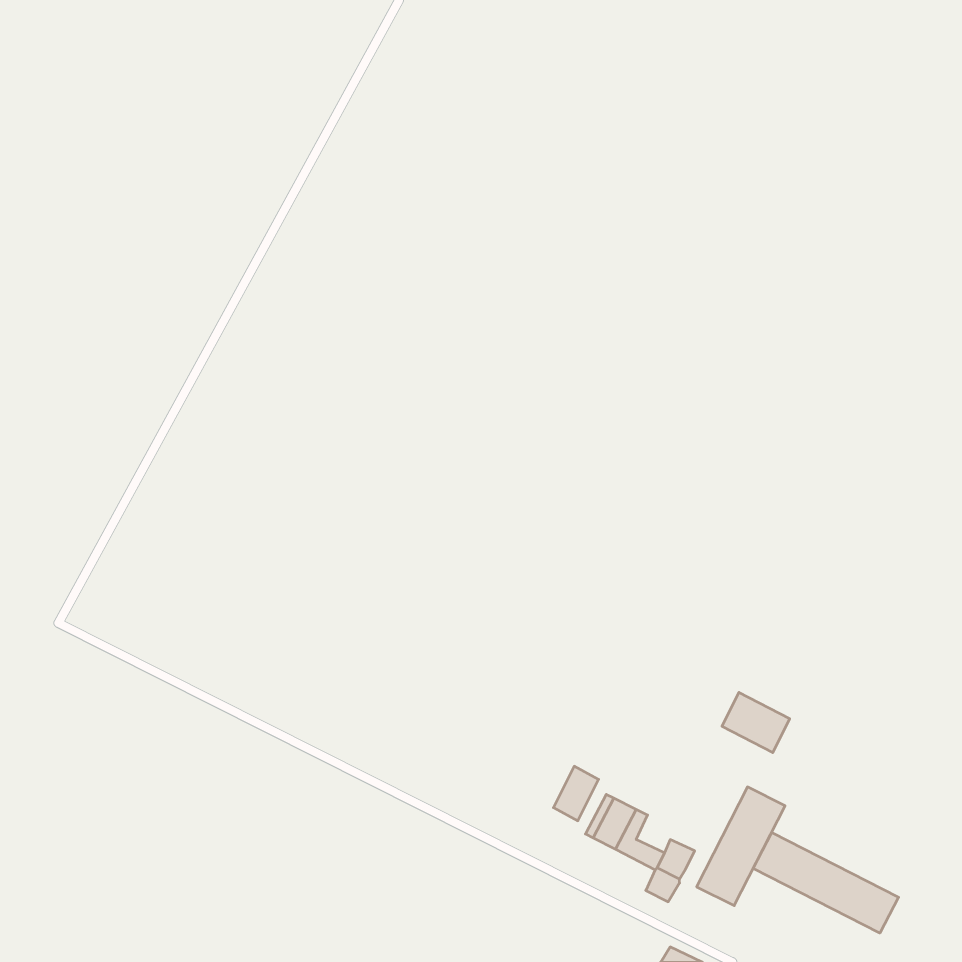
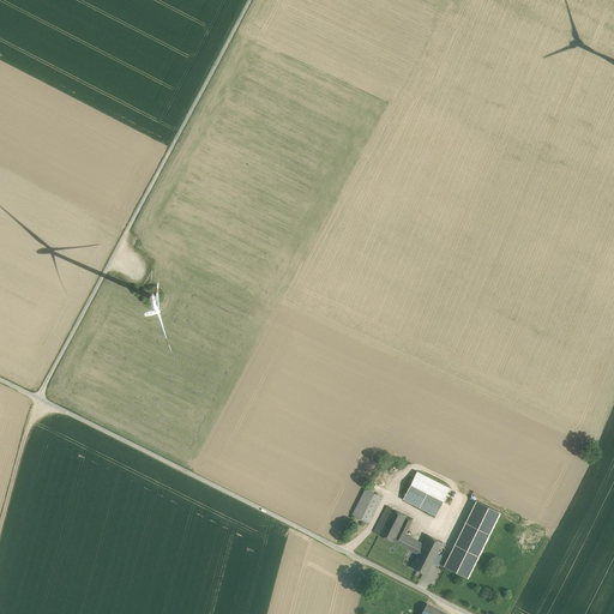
building: [722,692,790,753] -> [403,477,446,516]
building: [753,833,899,933] -> none

